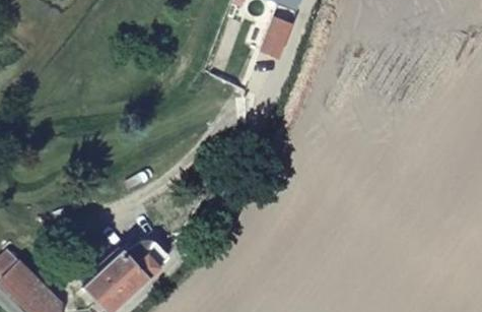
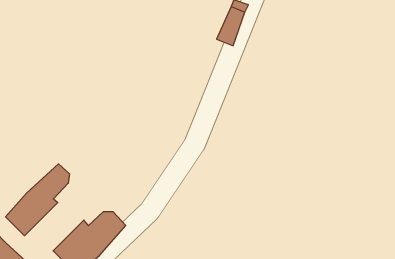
building: none -> [6,164,70,236]

